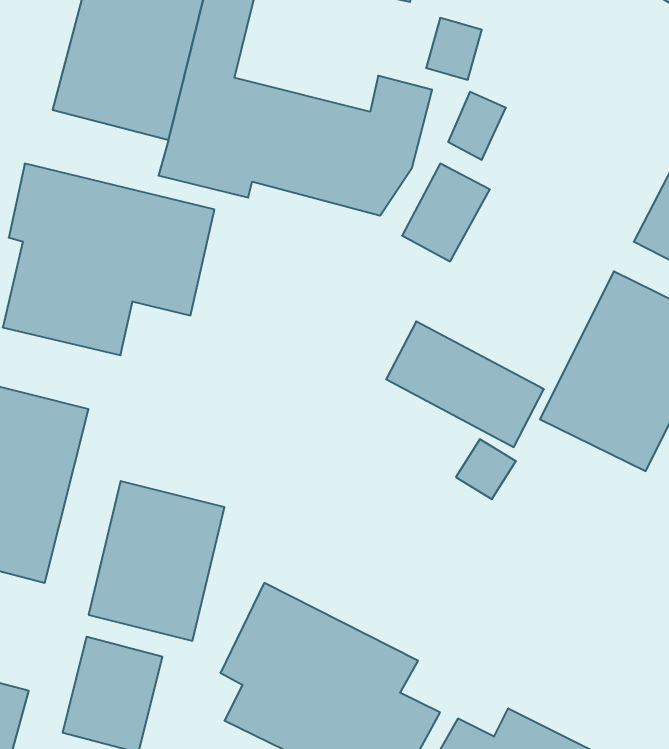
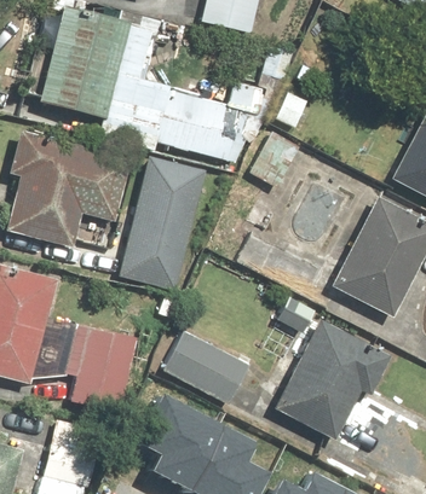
building: none -> [117,156,208,289]
building: none -> [271,316,395,441]
building: none -> [163,330,251,406]

